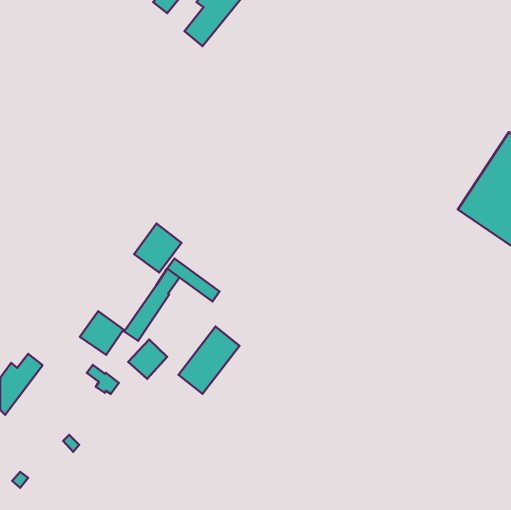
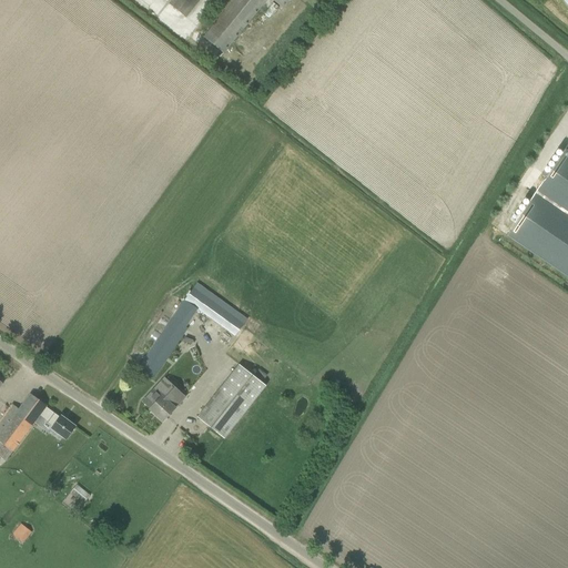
building: [134,224,182,272] -> none
building: [80,311,123,355] -> none
building: [87,365,119,394] -> [41,405,77,437]

